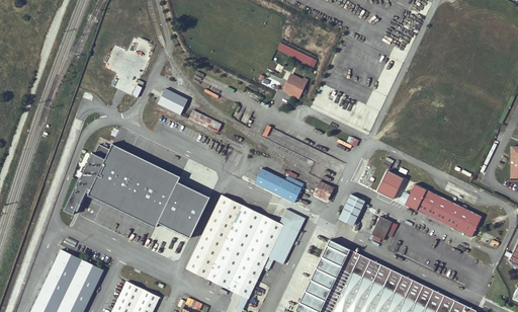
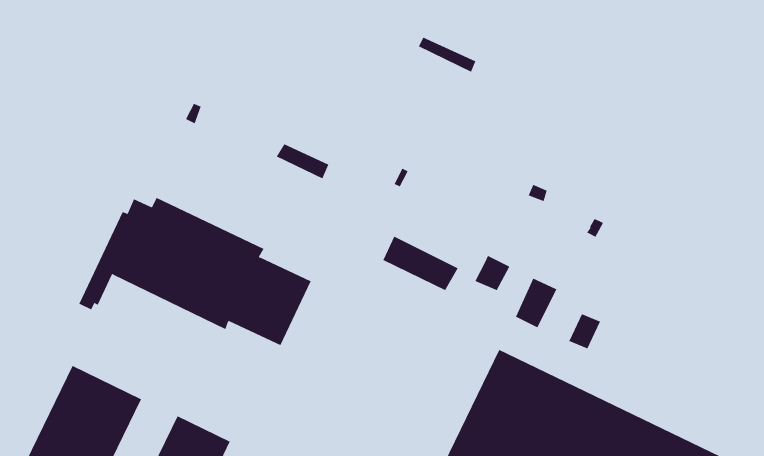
building: [282,73,308,99] -> none
building: [158,88,188,115] -> none
building: [376,171,403,200] -> none
building: [404,184,481,237] -> none
building: [185,194,306,299] -> none

